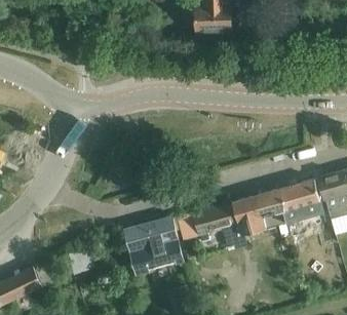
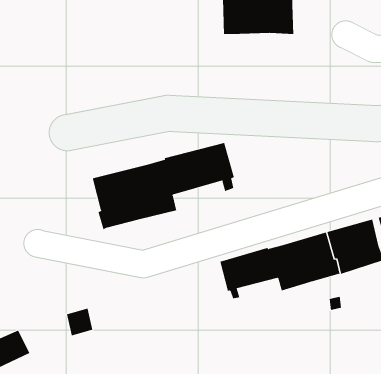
building: none -> [92,142,235,230]
building: [125,218,182,273] -> none

